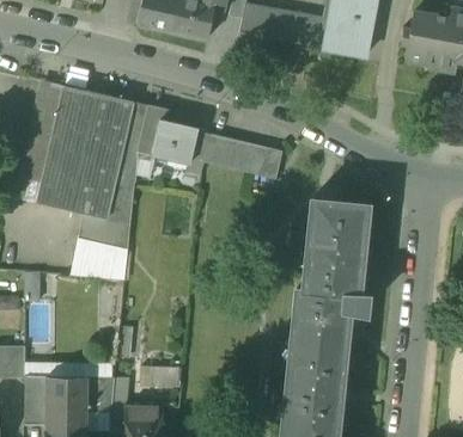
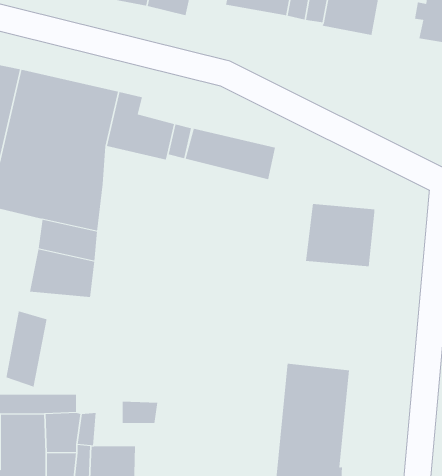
building: [291,248,366,341] -> none
building: none -> [6,311,47,388]

